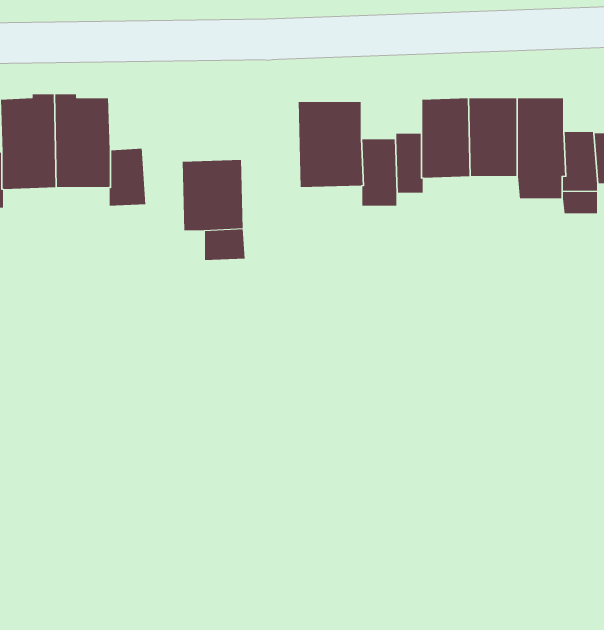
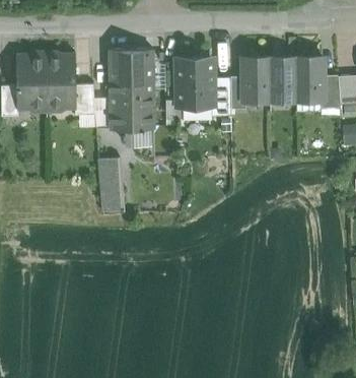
building: none -> [112,49,148,91]
building: none -> [98,159,122,211]

